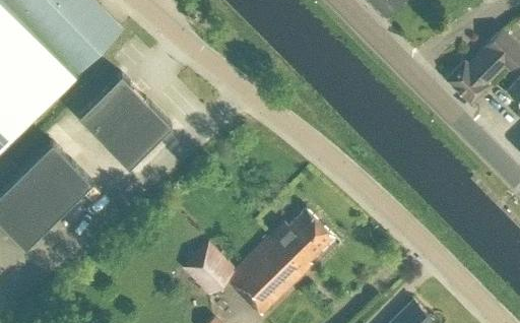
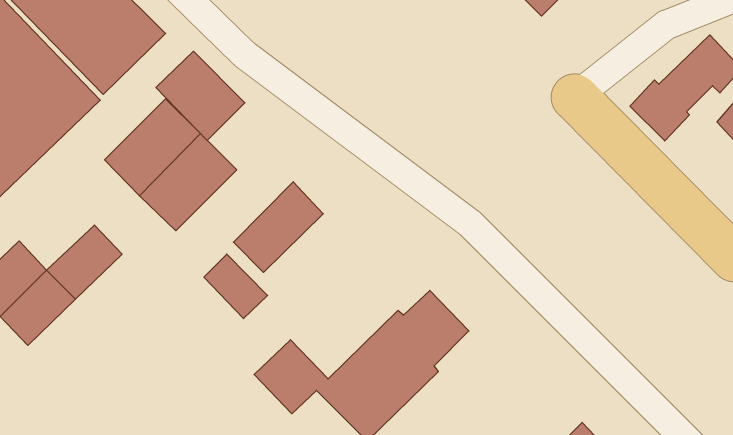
building: none -> [156,51,245,140]
building: none -> [233,182,323,272]
building: [18,141,71,194] -> none
building: none -> [204,254,268,319]

